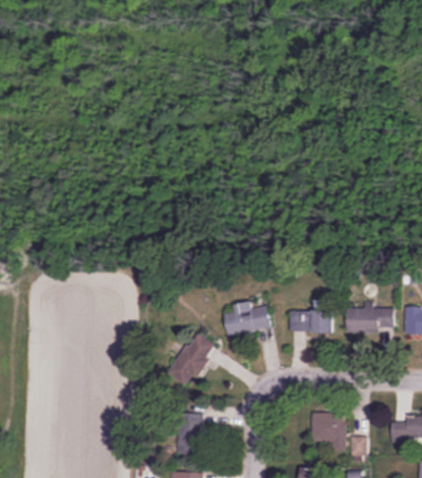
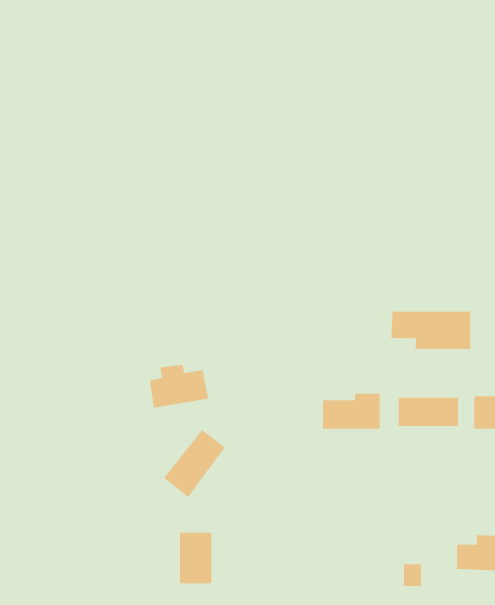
building: none -> [391,311,471,350]
building: [225,302,270,336] -> [149,365,209,408]
building: [311,415,346,452] -> none

